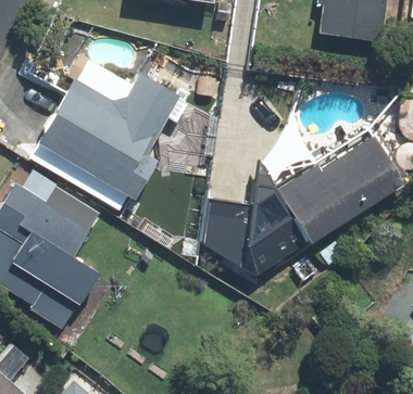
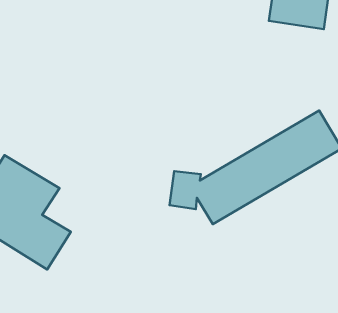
building: [40,79,173,194] -> none

